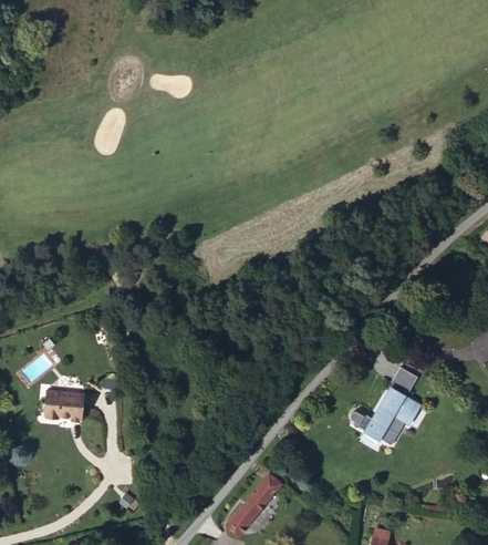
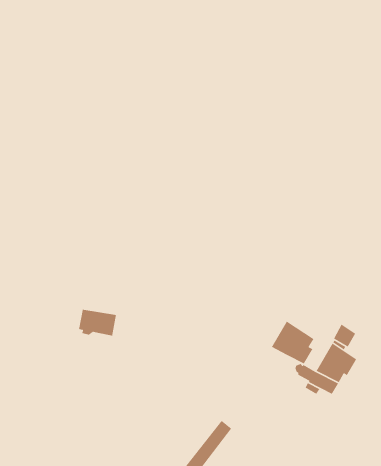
building: none -> [271,320,314,365]
building: [43,391,86,422] -> [78,309,117,336]

